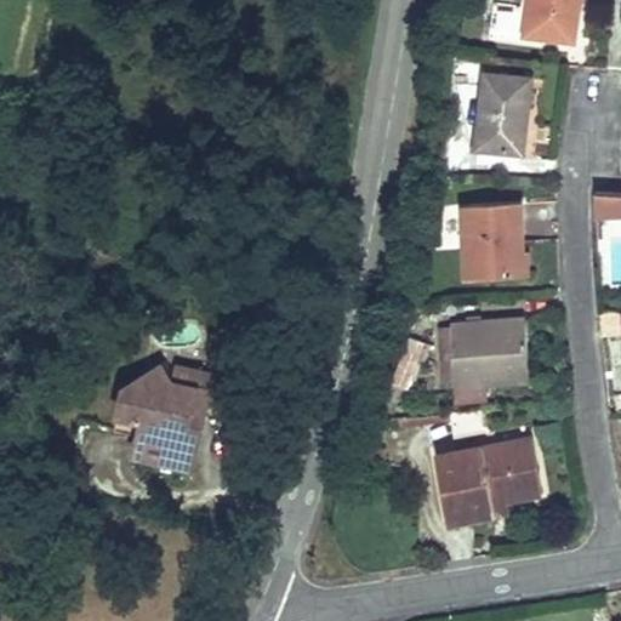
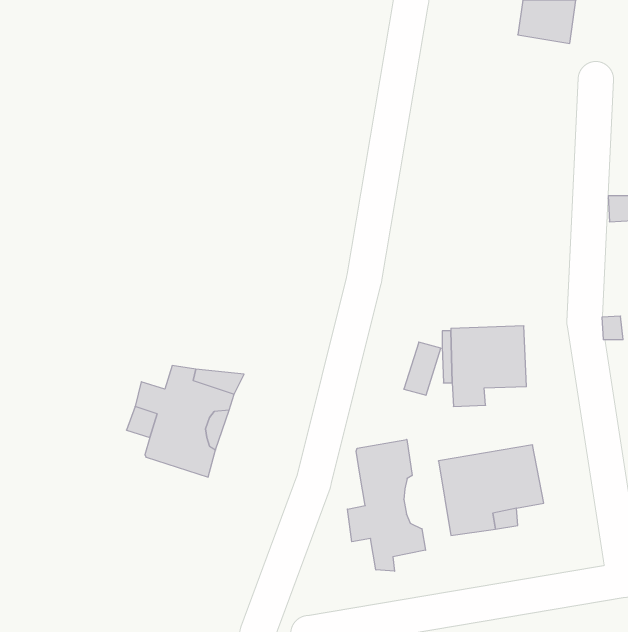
building: [472,84,520,165] -> none
building: [462,204,523,277] -> none
building: none -> [347,439,426,571]

